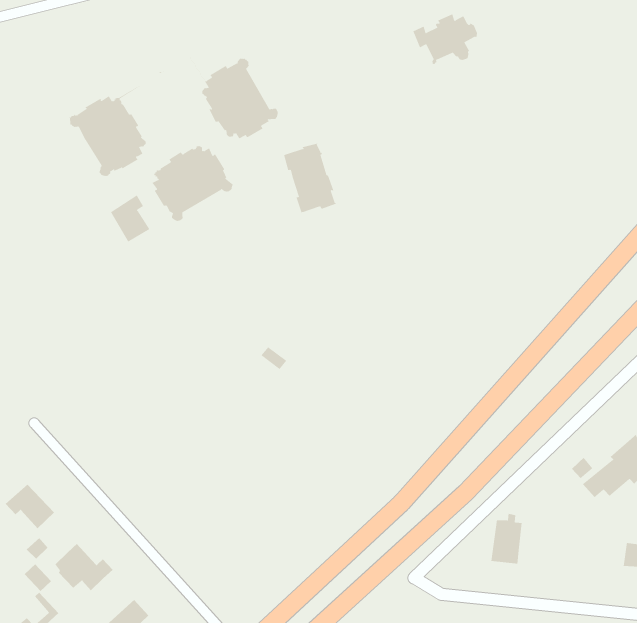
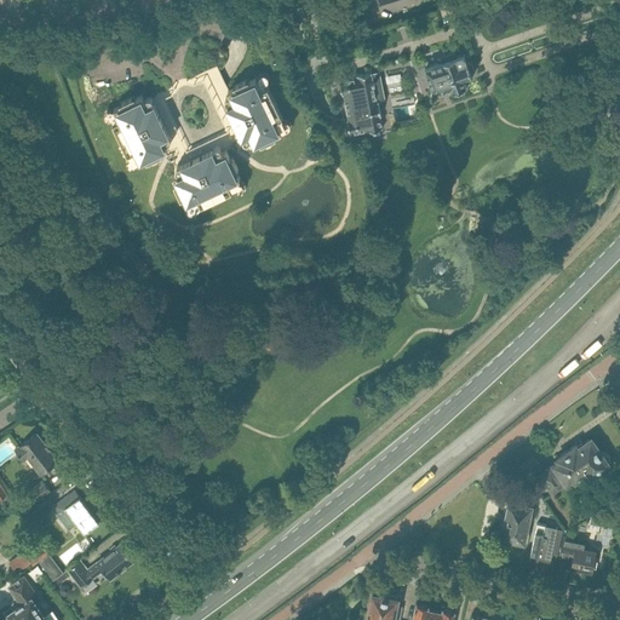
building: [283,143,337,213] -> [339,74,383,134]
building: [110,195,150,242] -> none
building: [491,513,522,564] -> [500,498,532,544]
building: none -> [530,526,562,561]

